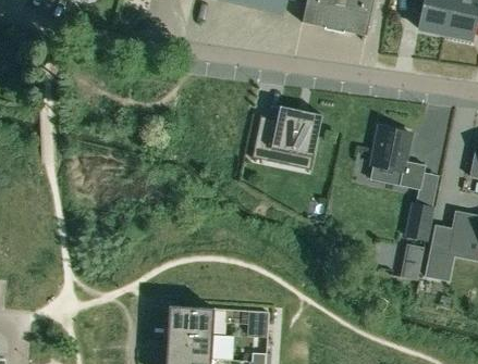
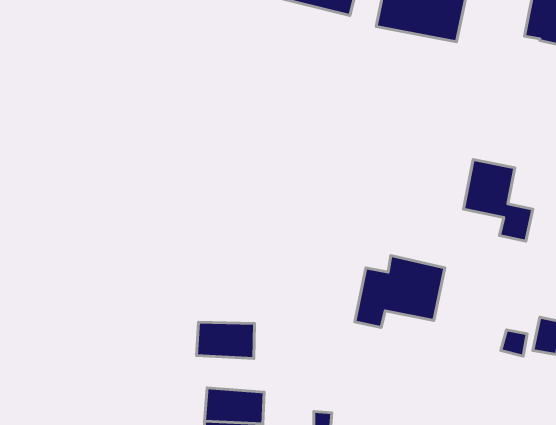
building: [252,105,322,162] -> [355,255,445,327]
building: [406,203,432,240] -> none
building: none -> [197,322,254,358]

